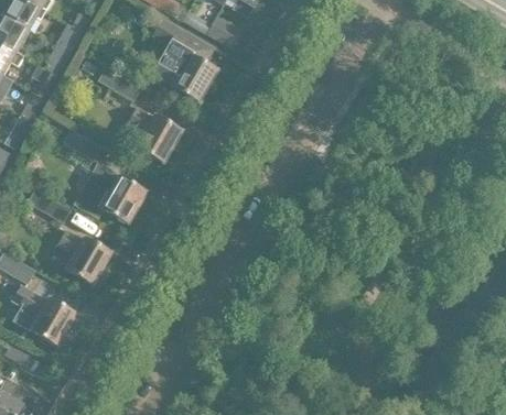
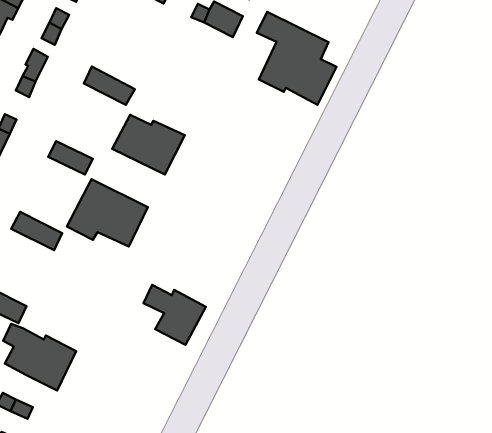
building: [150,19,218,102] -> [257,12,337,105]
building: [57,231,111,285] -> [143,285,206,345]

